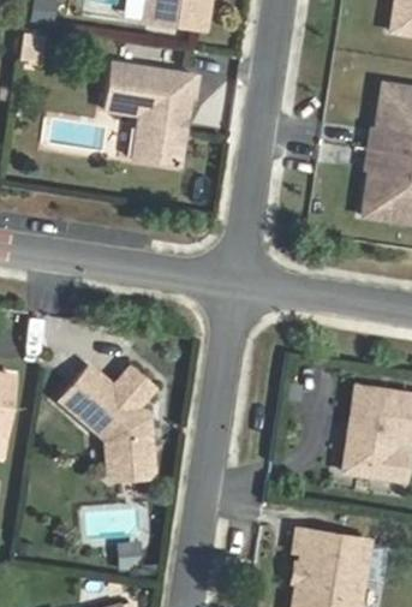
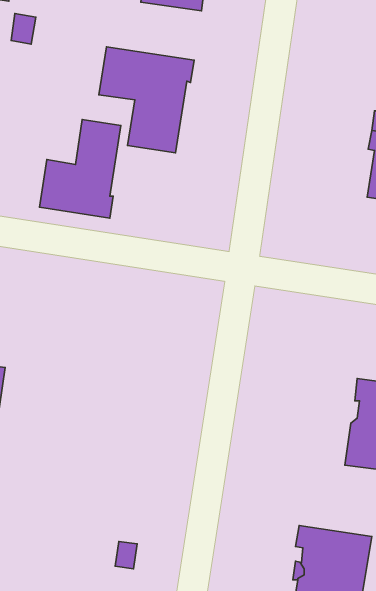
building: none -> [39,119,121,218]
building: [58,365,153,477] -> none

